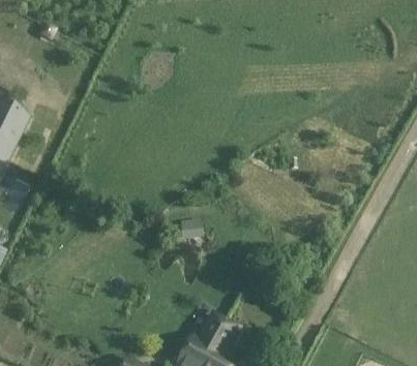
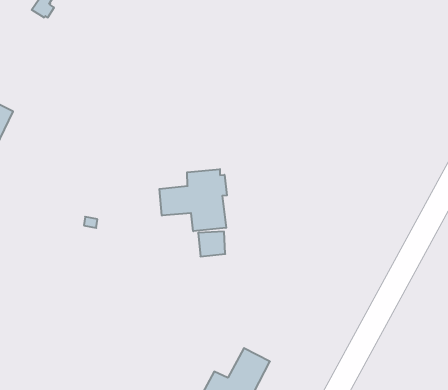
building: none -> [159,169,227,231]

